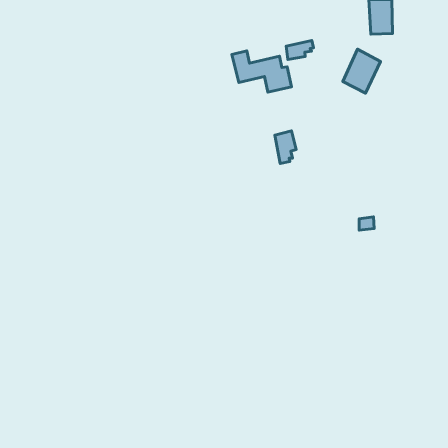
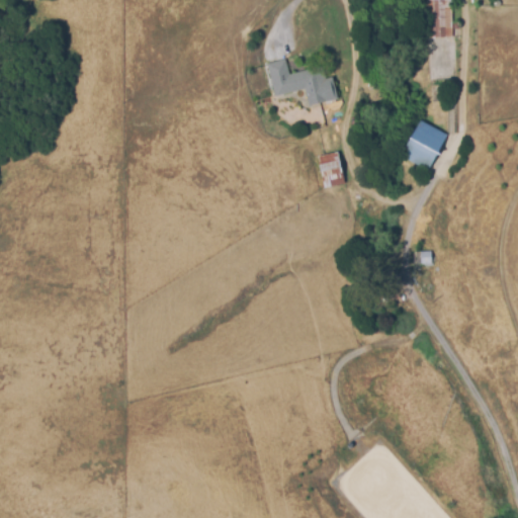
building: [286,40,314,60] -> none
building: [343,49,380,93] -> [403,118,446,169]

